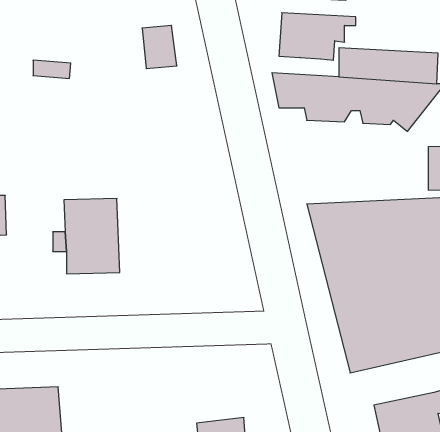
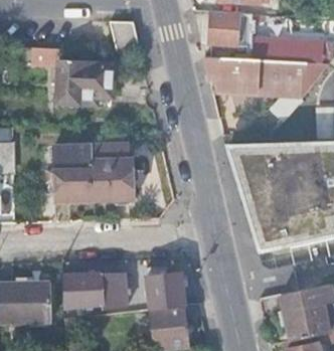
building: none -> [57,60,113,103]
building: none -> [93,145,135,199]
building: none -> [147,272,199,308]
building: none -> [62,273,128,309]

